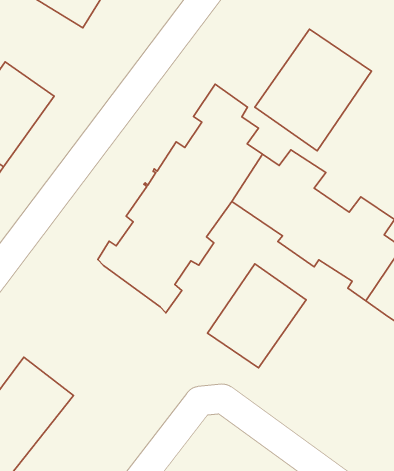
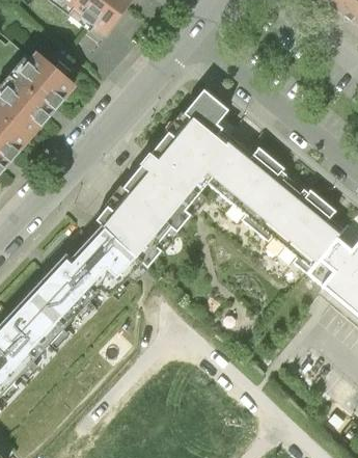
building: [255,29,371,151] -> none
building: [208,264,306,368] -> none
building: none -> [30,224,142,325]

